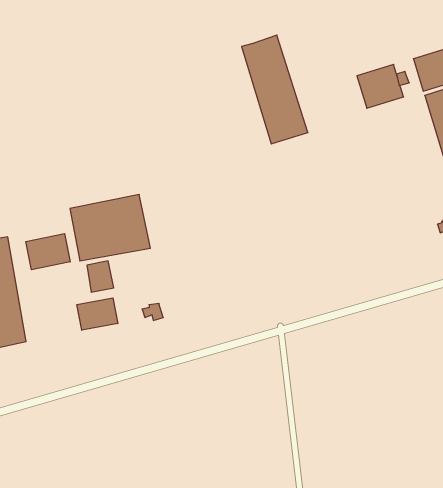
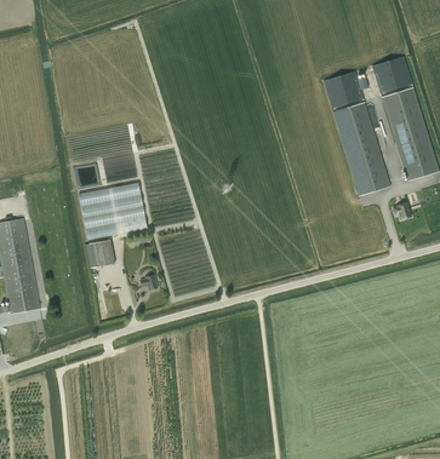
building: [242,35,308,144] -> [333,102,390,195]
building: [26,234,70,270] -> none
building: [77,298,118,330] -> none

